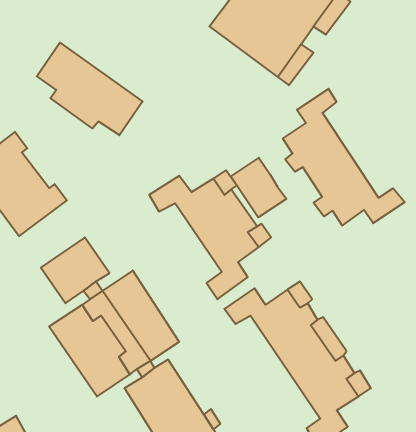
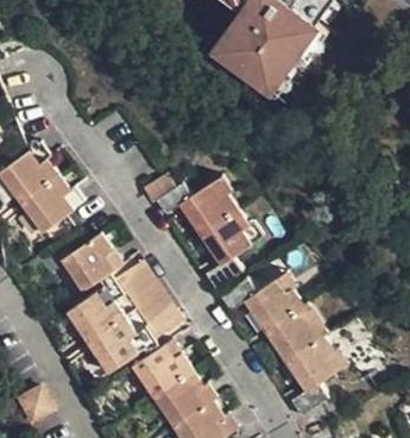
building: [37,43,143,135] -> none
building: [283,89,405,226] -> none
building: [231,158,286,217] -> none

